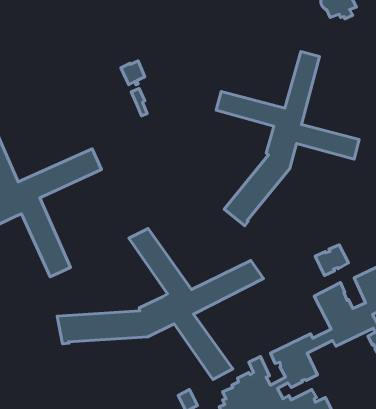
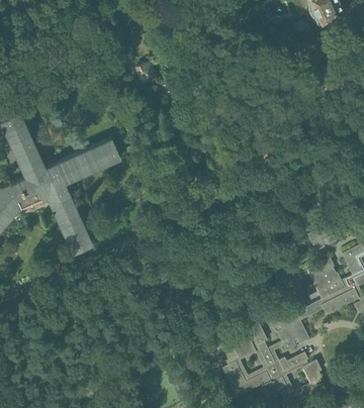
building: [216,52,359,226] -> none
building: [57,228,264,379] -> none

